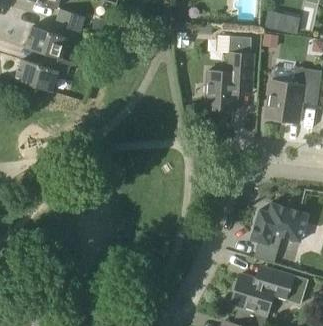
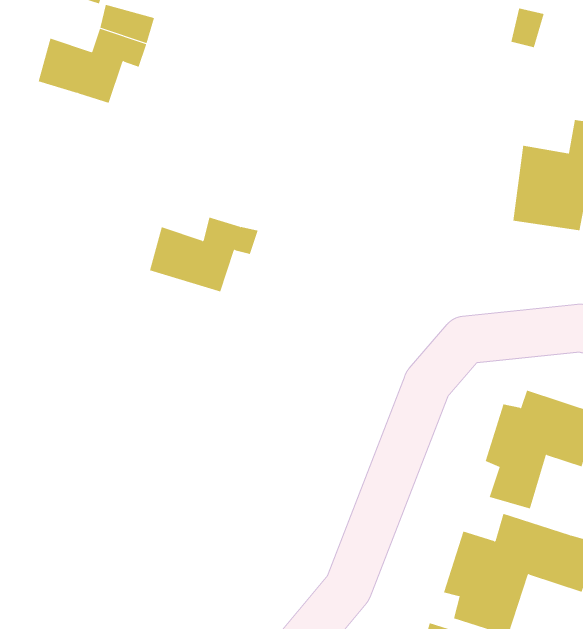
building: [205,36,254,111] -> none
building: [16,54,71,92] -> [149,217,258,292]

